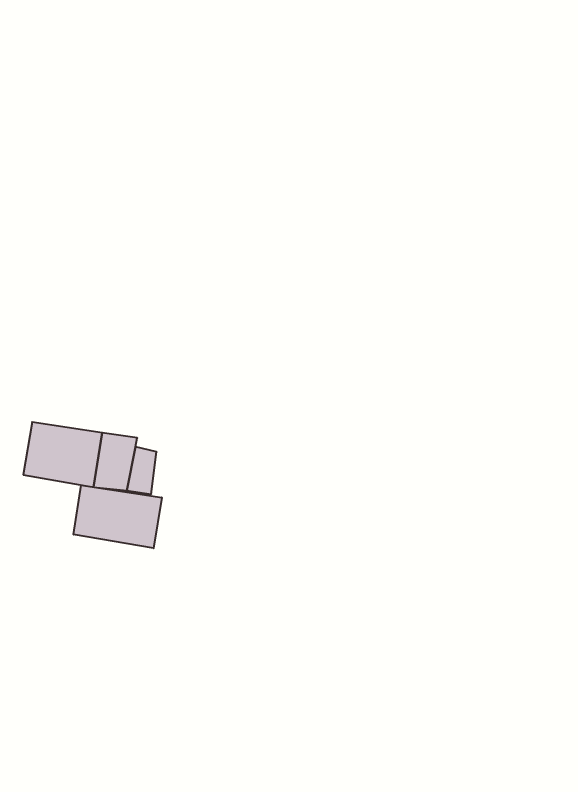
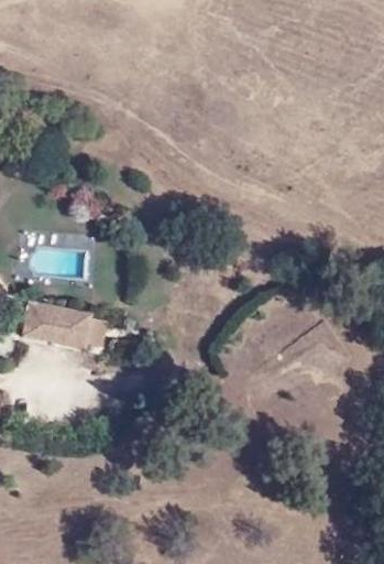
building: [74,485,162,548] -> none

